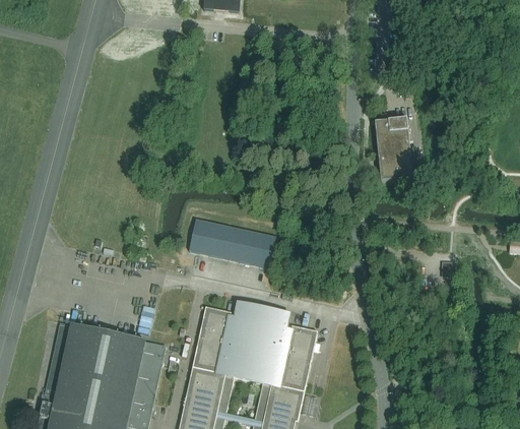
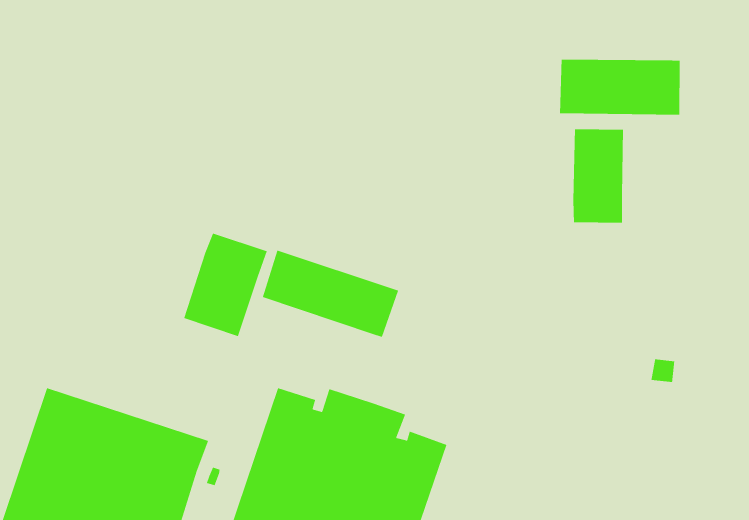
building: none -> [559,59,681,116]
building: none -> [183,232,268,337]

